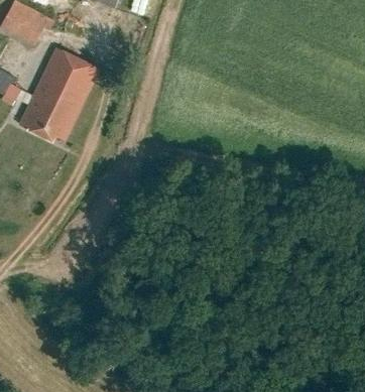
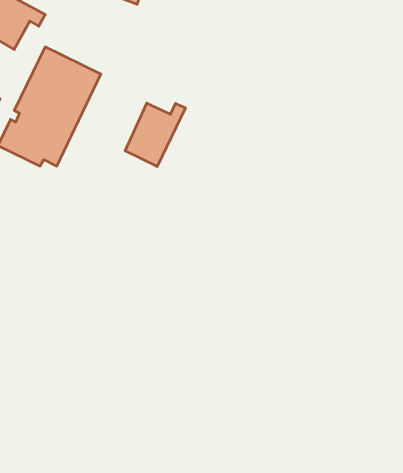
building: none -> [125,103,185,167]

